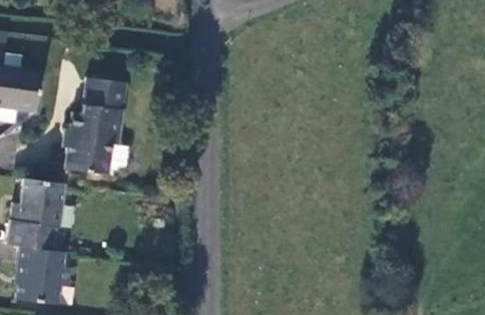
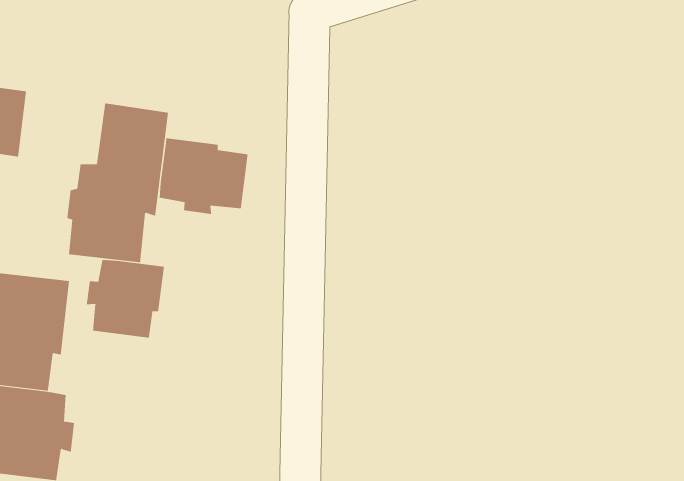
building: none -> [159,137,248,215]
building: none -> [86,259,164,338]

